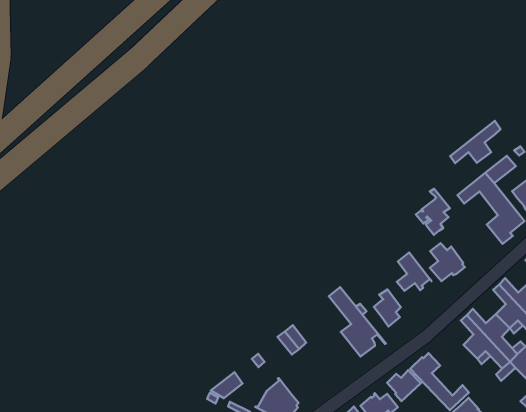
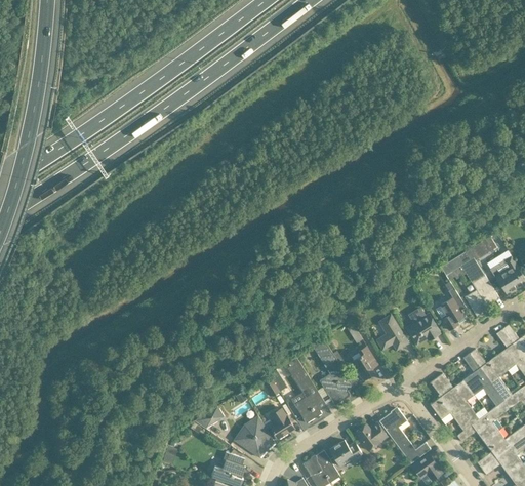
building: [450,121,501,163] -> none
building: [416,189,450,235] -> [435,288,467,330]
building: none -> [285,357,326,423]
building: none -> [271,408,294,439]

